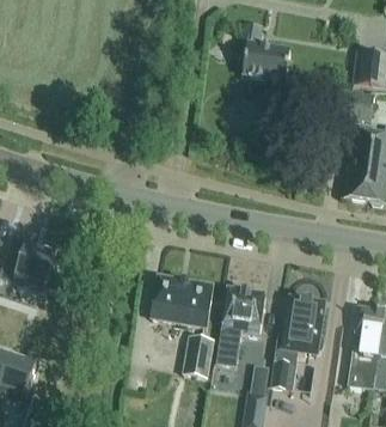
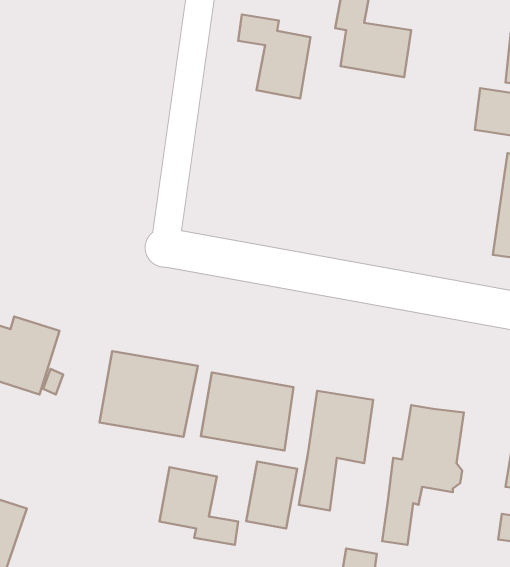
building: none -> [238,14,310,98]
building: none -> [100,351,198,437]
building: none -> [160,467,238,545]

